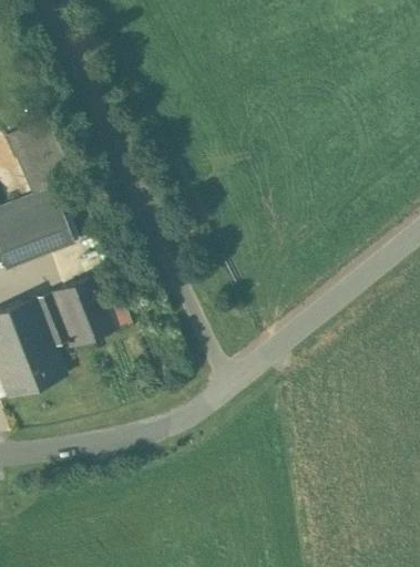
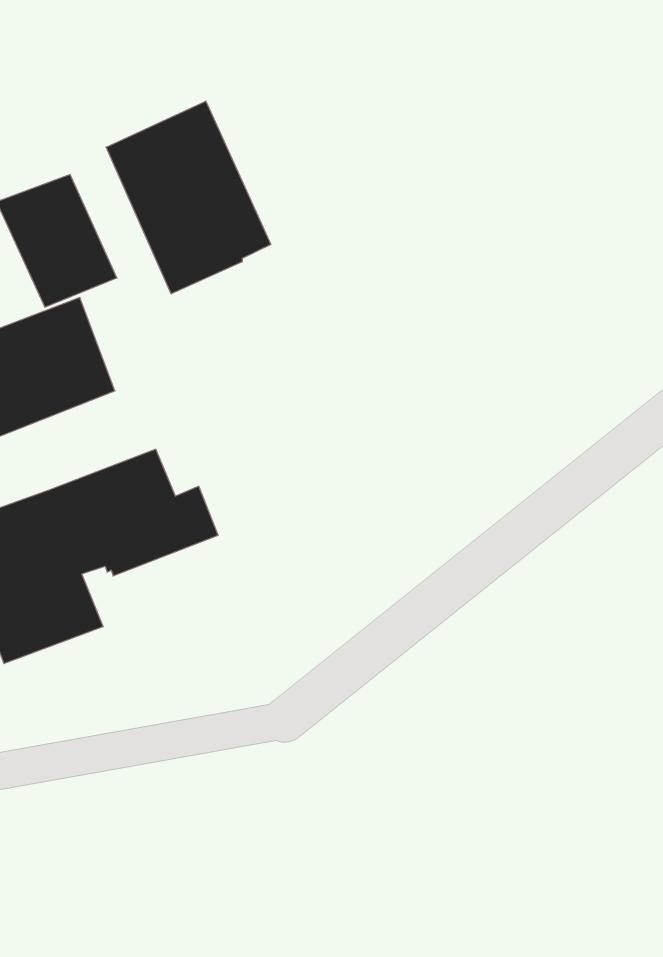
building: none -> [106,101,271,294]

